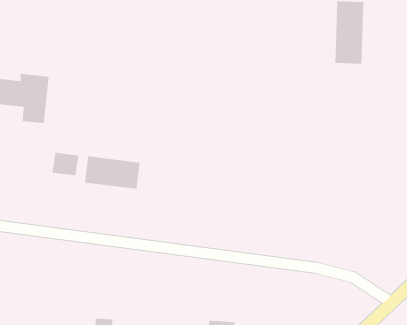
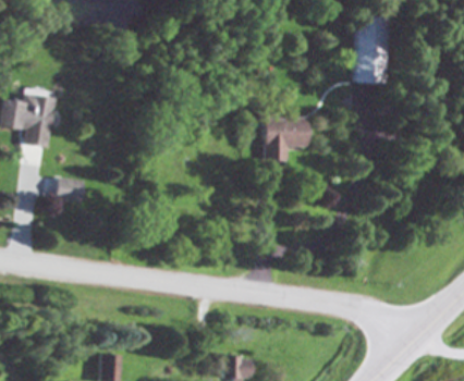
building: none -> [262,116,305,161]
building: [85,156,140,190] -> none

